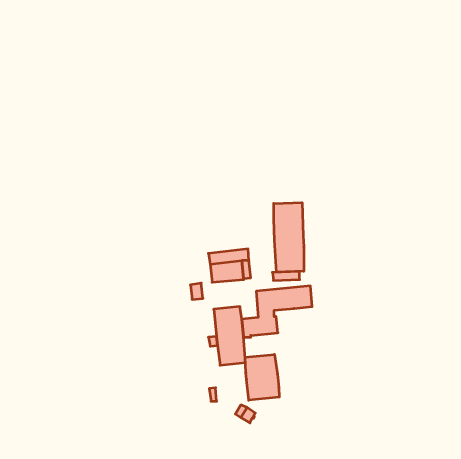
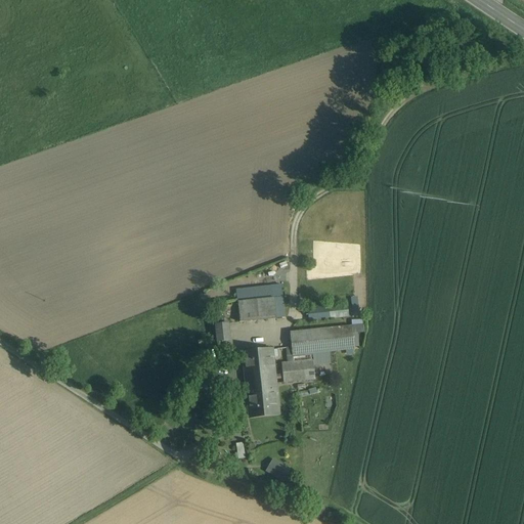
building: [274,203,304,272] -> none
building: [245,354,279,400] -> none

